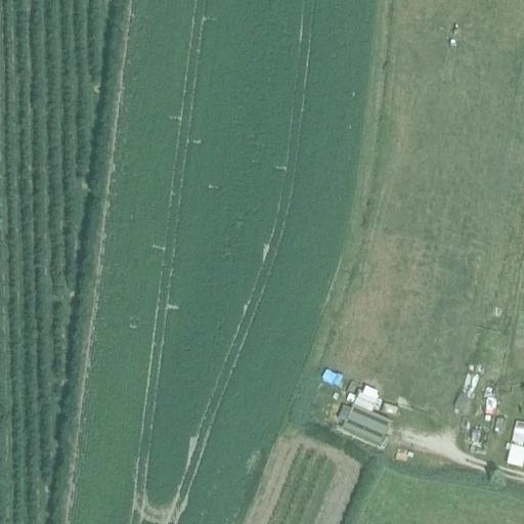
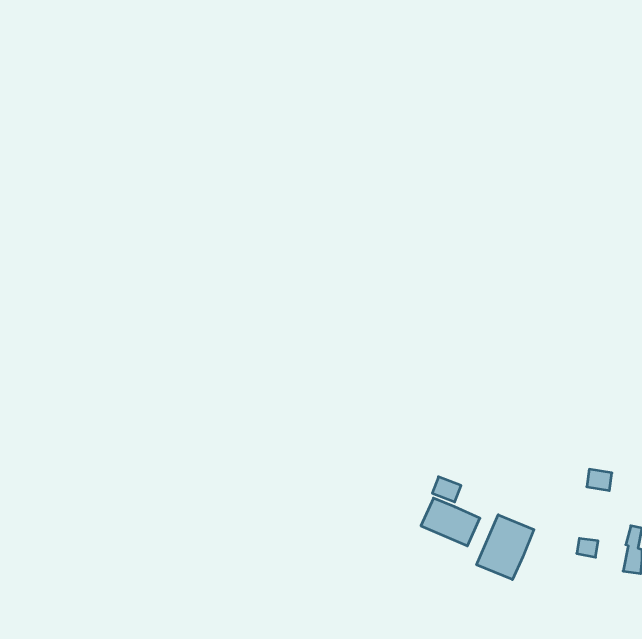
building: none -> [477,515,534,580]

